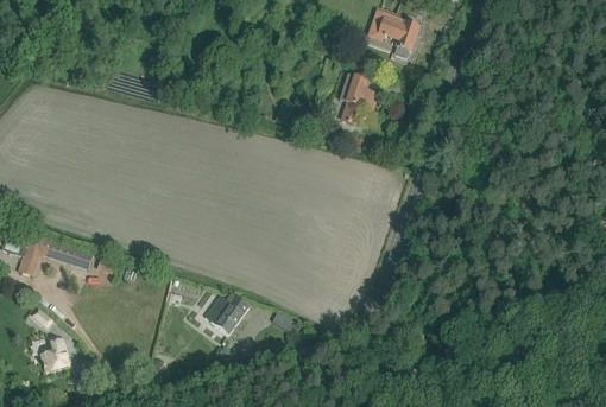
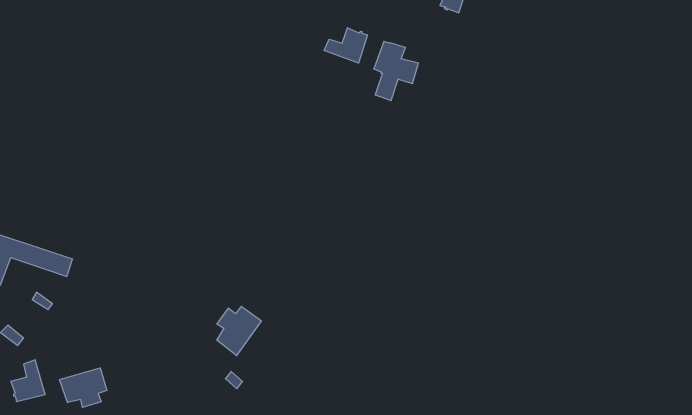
building: none -> [324,28,368,63]
building: none -> [60,368,107,407]

